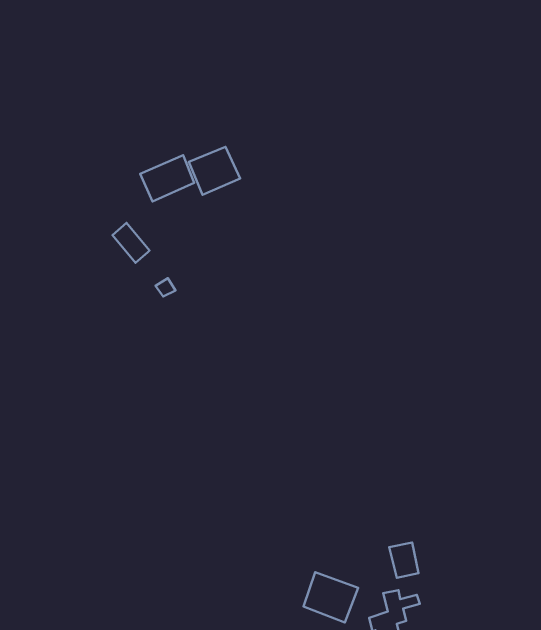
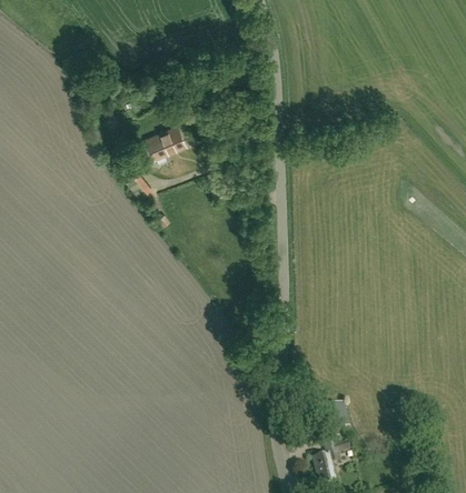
building: [189,147,240,195] -> none
building: [303,572,358,622] -> none

